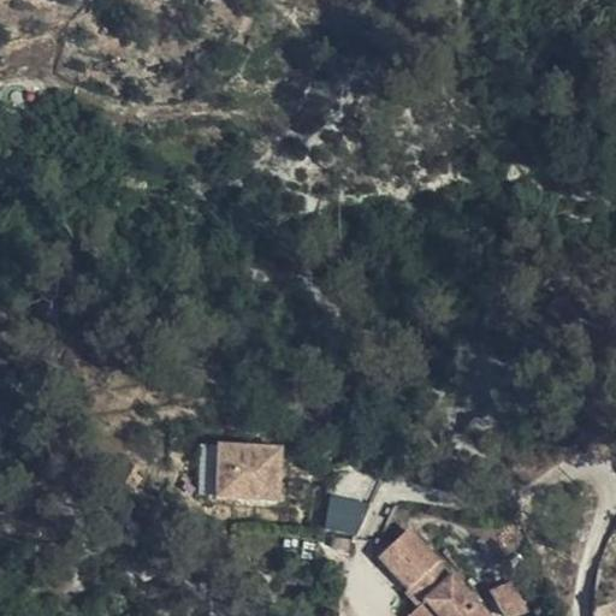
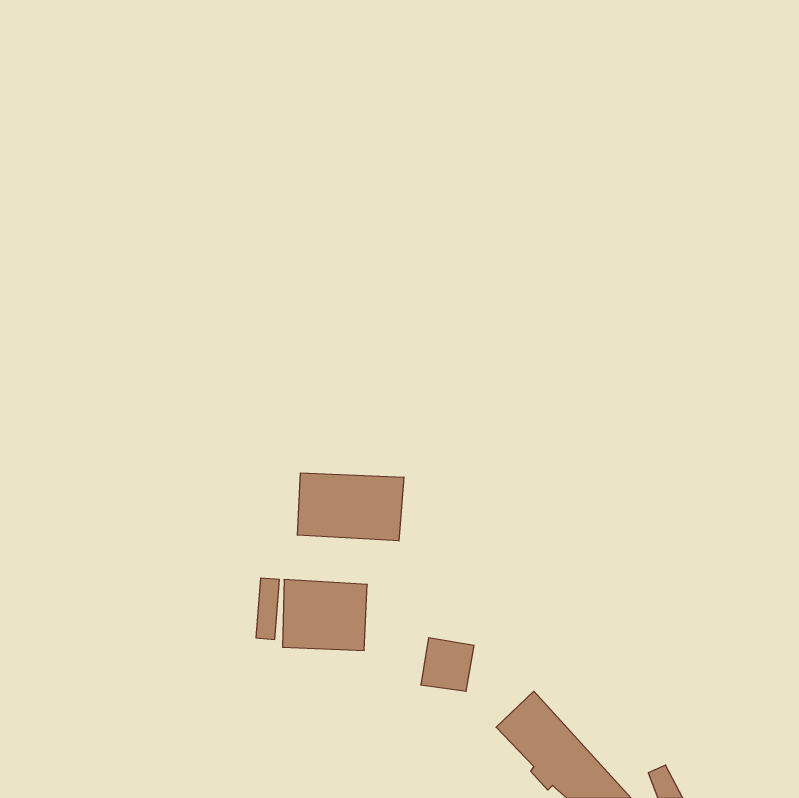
building: none -> [298,473,404,541]

